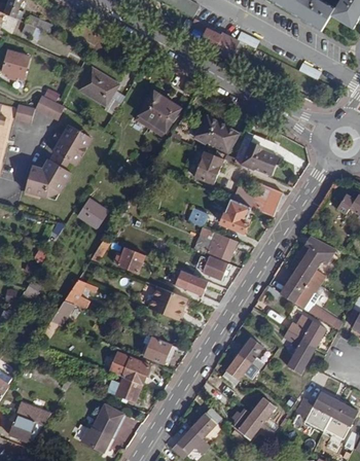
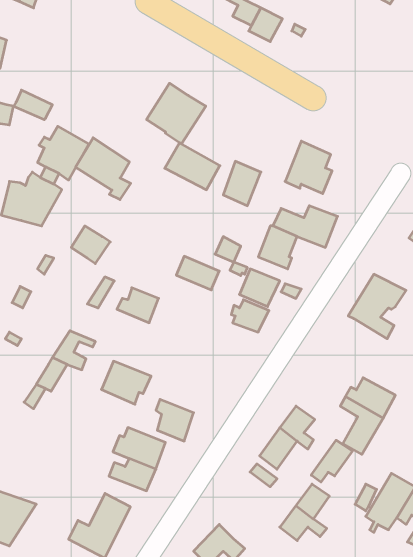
building: [77,67,119,114] -> [76,138,131,200]
building: [194,116,237,152] -> [165,143,220,190]
building: [174,271,207,296] -> [176,256,219,290]
building: [278,271,319,311] -> none
building: [148,287,186,320] -> [101,361,151,404]
building: none -> [311,440,352,482]
building: [190,407,221,439] -> none

